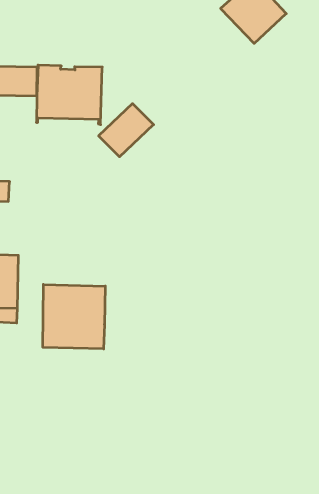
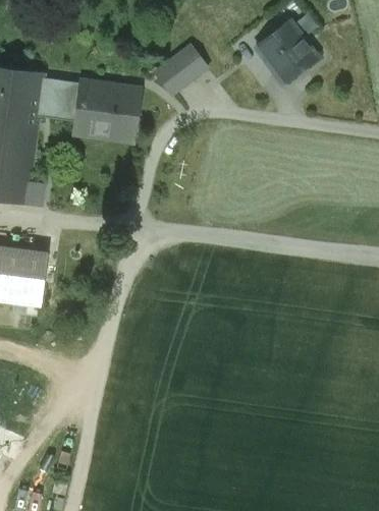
building: [99,104,154,157] -> [154,46,206,94]
building: [43,284,105,349] -> none

